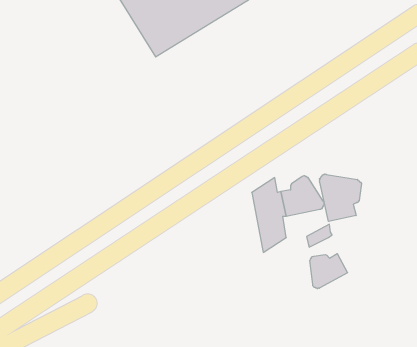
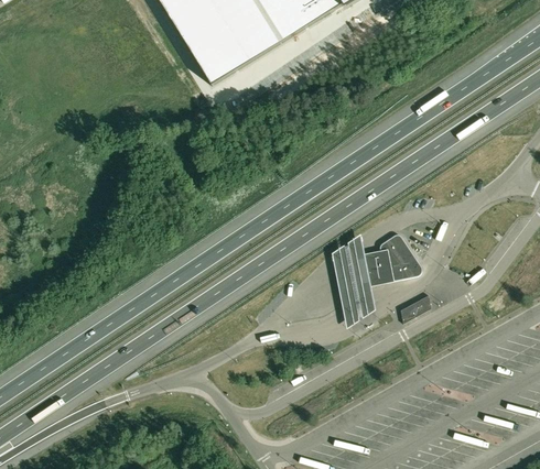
building: [319,174,361,221] -> none
building: [310,254,348,289] -> none

